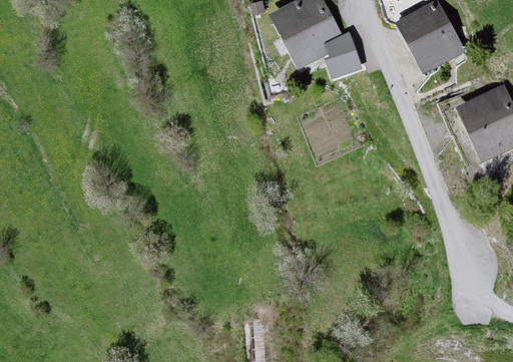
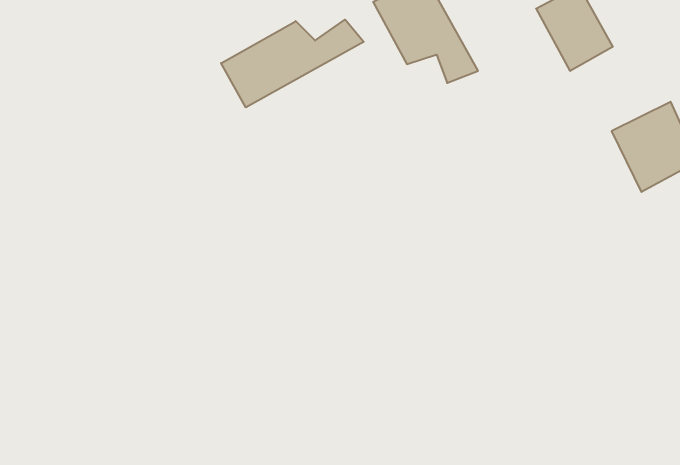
building: none -> [221,20,364,107]

